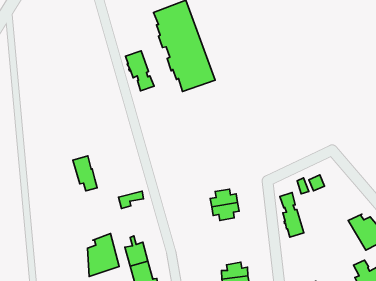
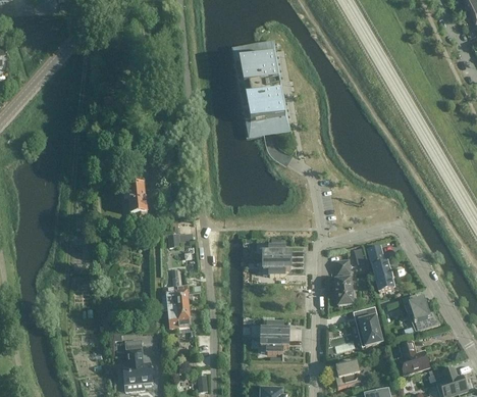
building: [125,51,154,91] -> none
building: none -> [372,260,393,290]
building: none -> [353,305,381,345]
building: [88,234,119,276] -> none

